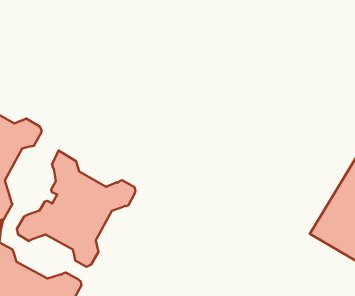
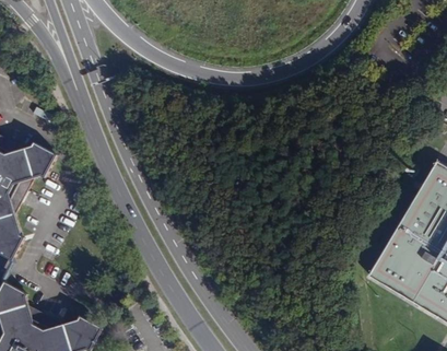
building: [17,151,136,267] -> none

